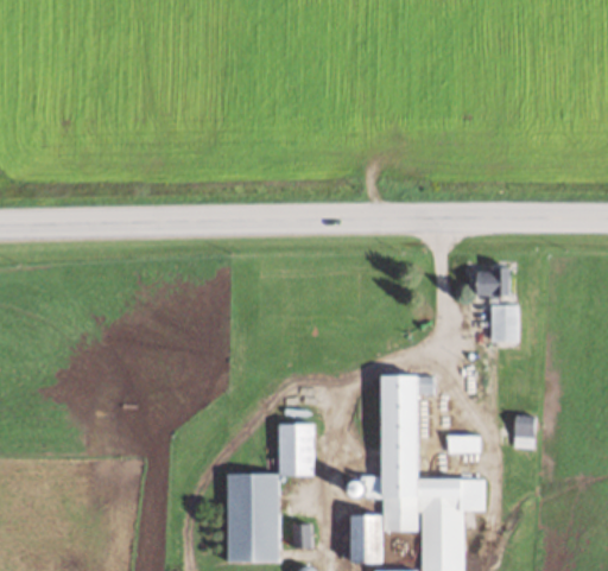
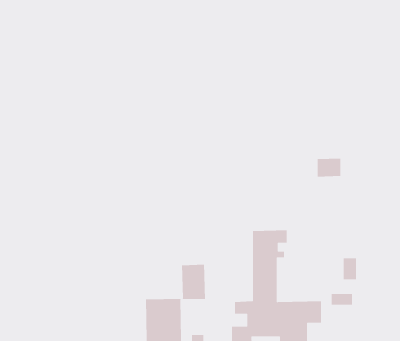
building: [492,305,518,341] -> none
building: [448,434,480,452] -> [331,293,353,305]

